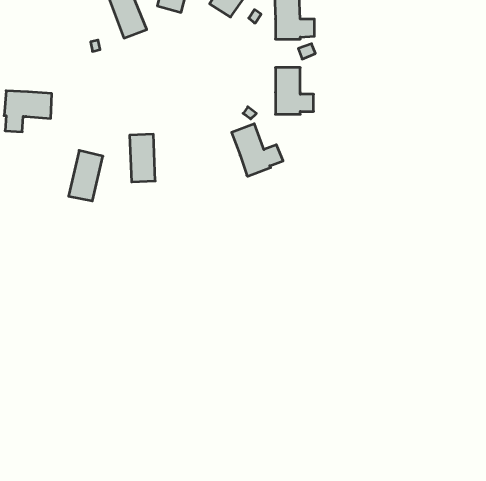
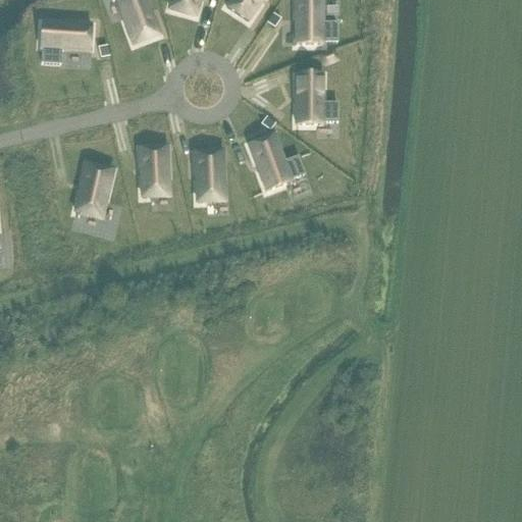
building: [4,91,52,132] -> [39,19,90,63]
building: none -> [194,149,222,199]

